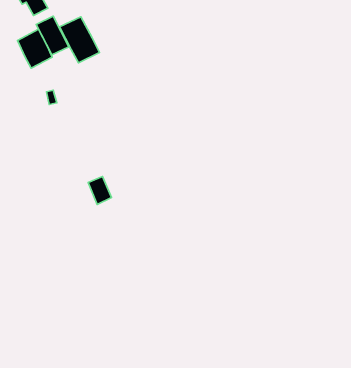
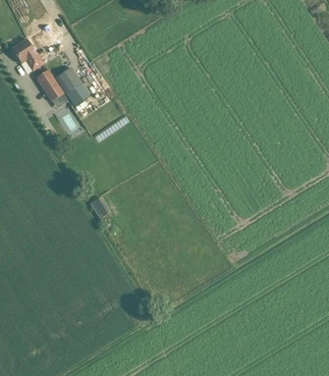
building: [17,29,52,68] -> none

